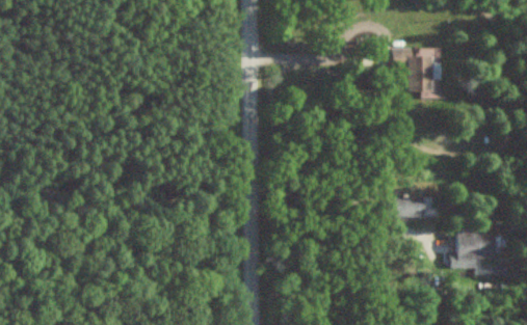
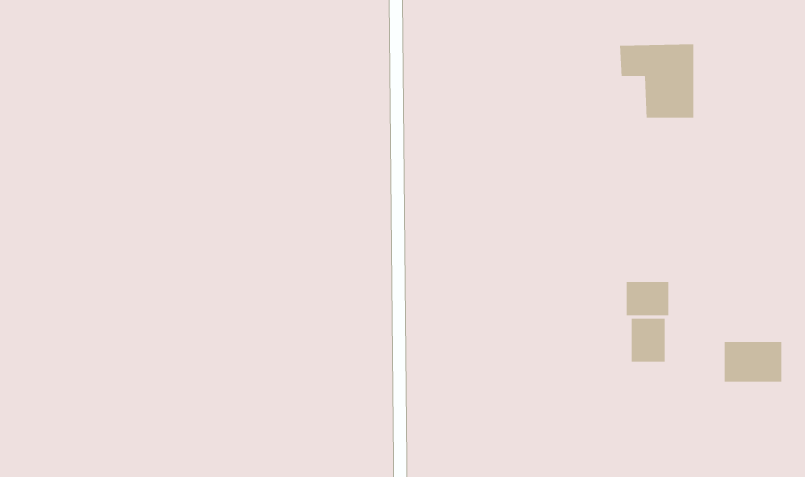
building: none -> [631,318,665,362]

